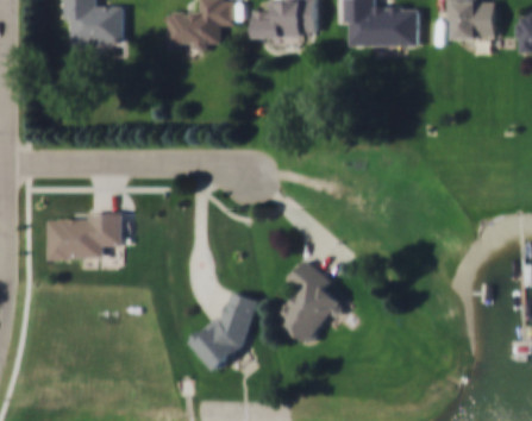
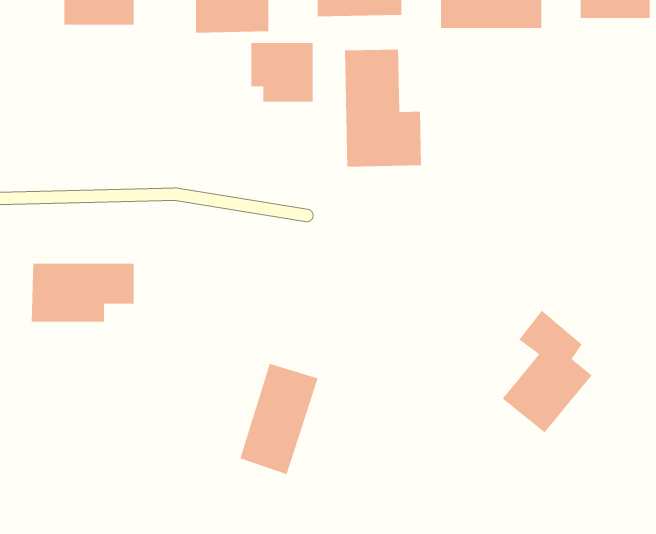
building: none -> [251,42,313,102]
building: none -> [345,49,422,167]
building: [275,258,340,347] -> [502,310,592,433]

